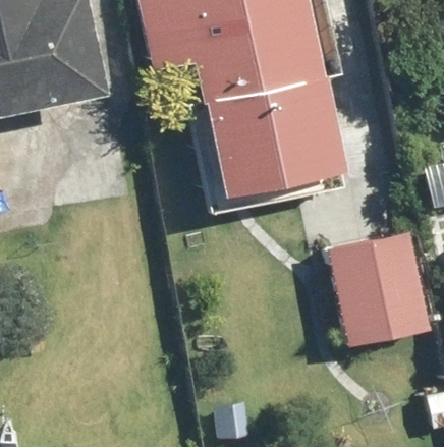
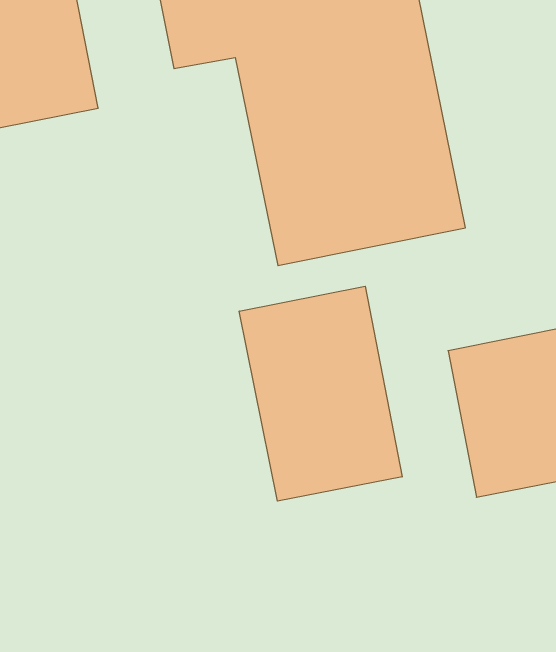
building: none -> [239,286,402,501]

